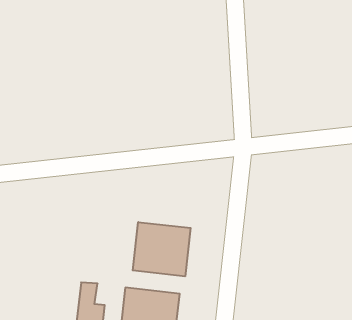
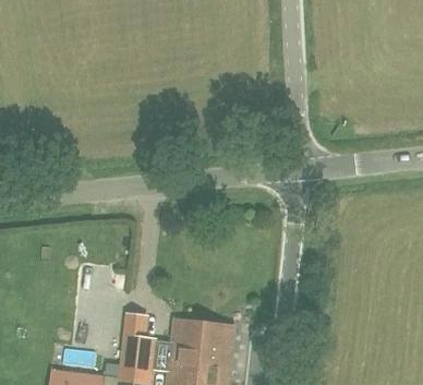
building: [133,222,191,276] -> none

